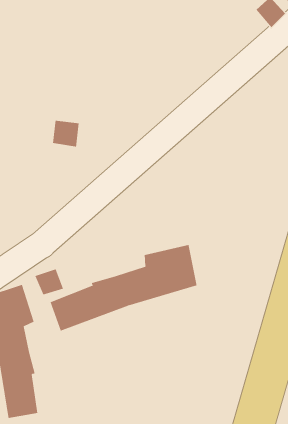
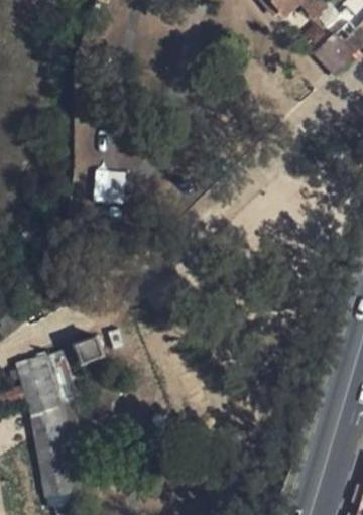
building: [50,244,197,331] -> none

